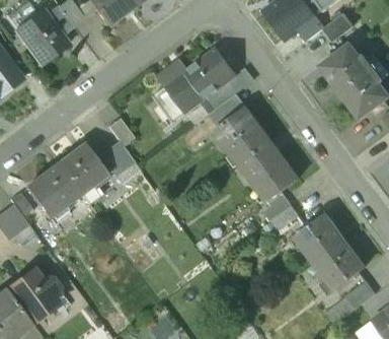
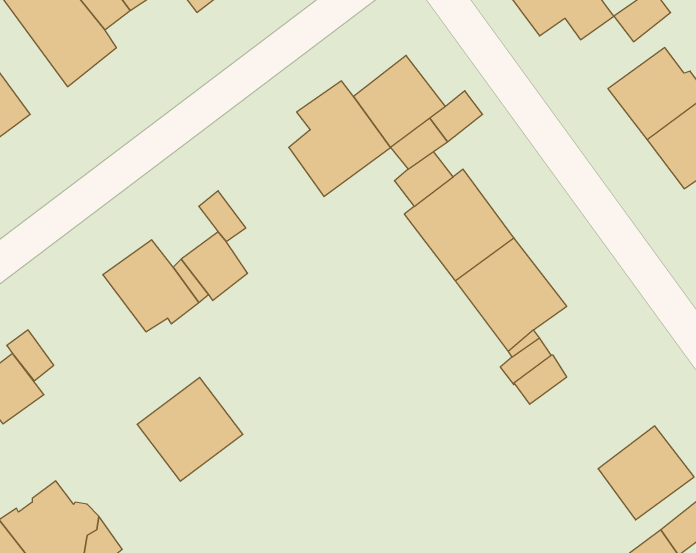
building: [26,162,81,216] -> [137,377,243,481]
building: [295,213,344,263] -> none

